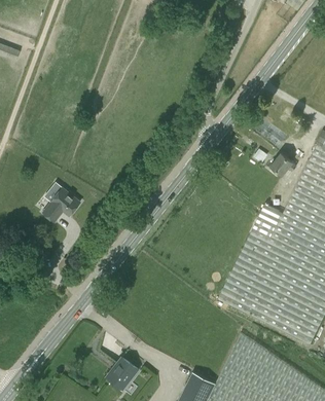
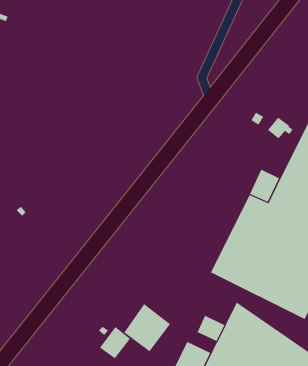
building: [44,187,81,221] -> none
building: none -> [123,303,171,352]
building: none -> [197,315,225,342]

